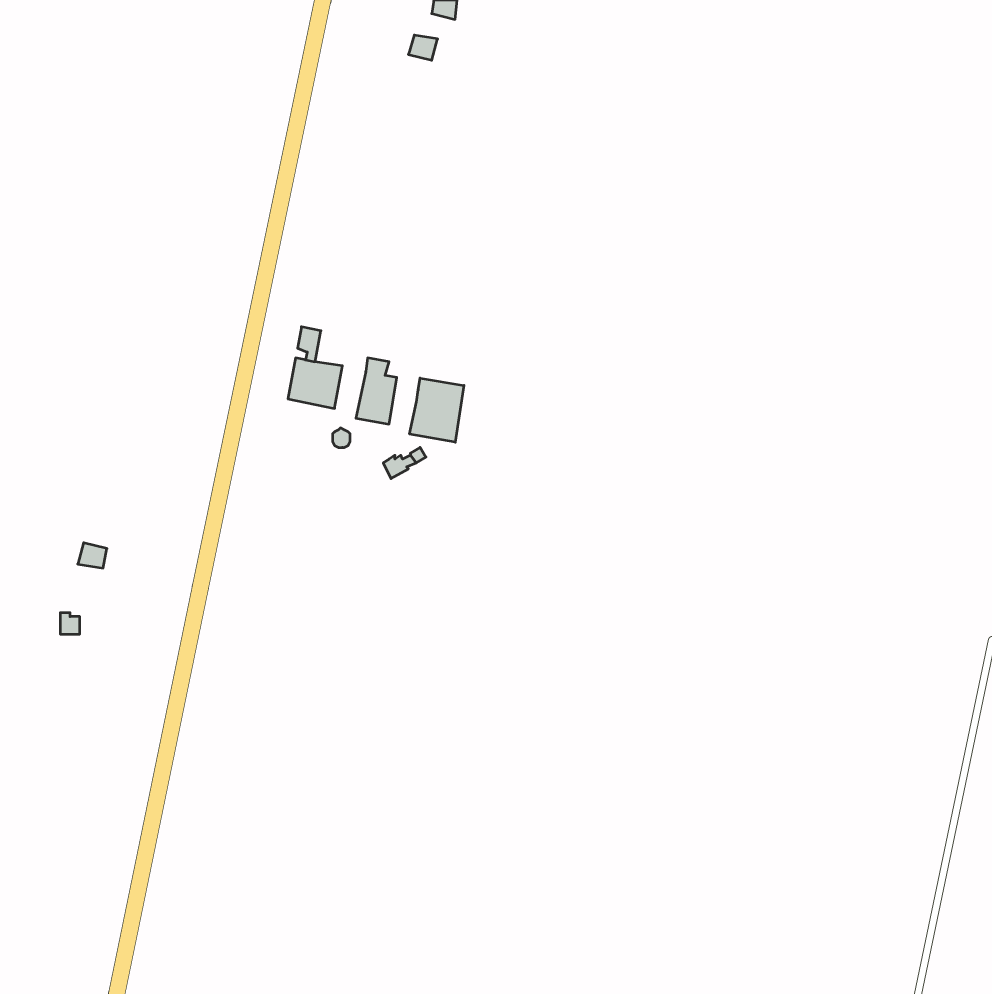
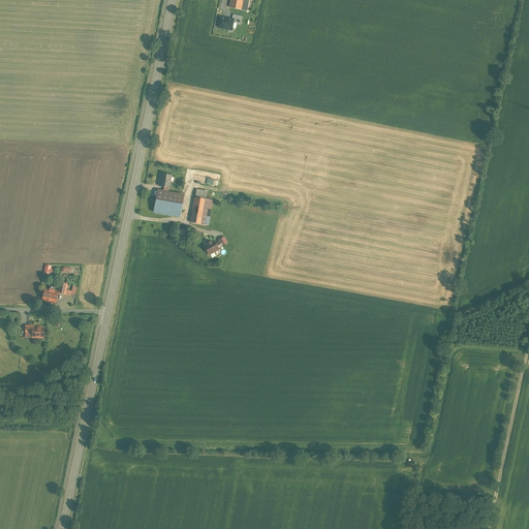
building: [410,378,464,442] -> none

